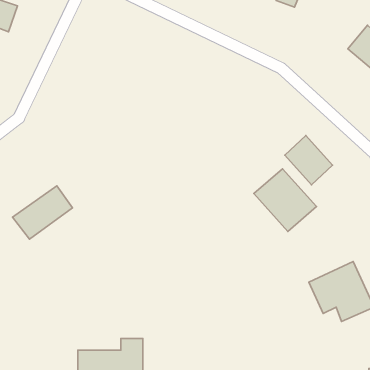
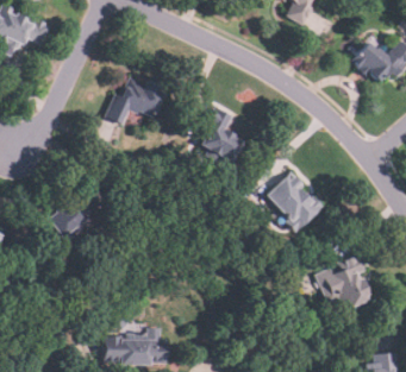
building: none -> [110,74,164,126]
building: none -> [200,111,243,160]
building: [285,135,333,185] -> none

